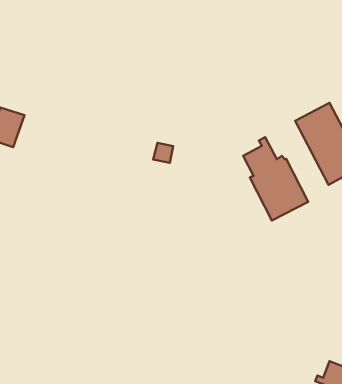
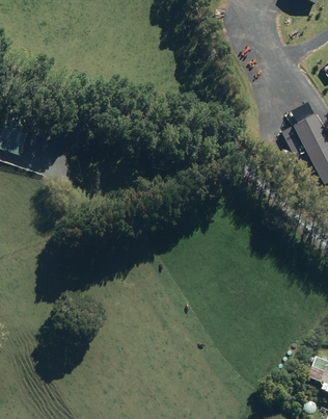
building: [243,137,308,220] -> none

